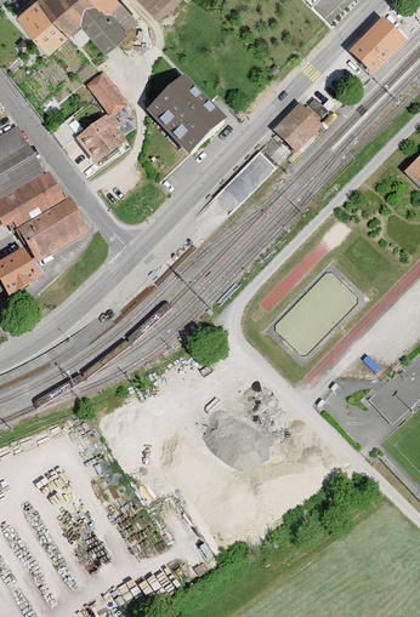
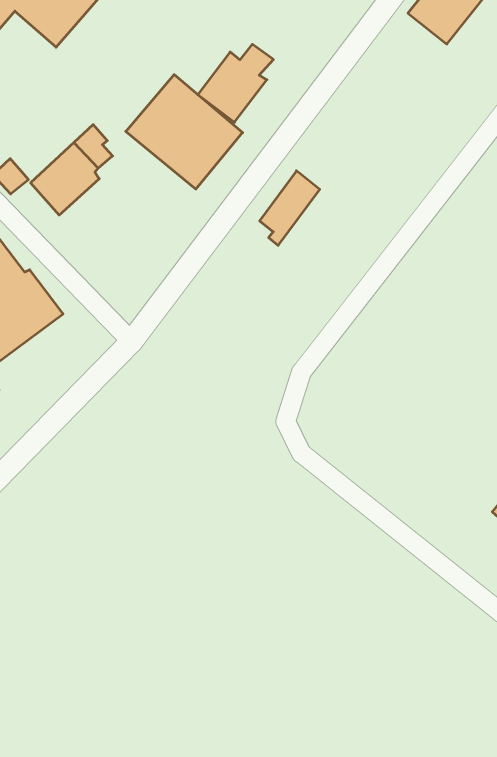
building: [87,73,125,114] -> none
building: [273,98,328,150] -> [198,44,273,122]

